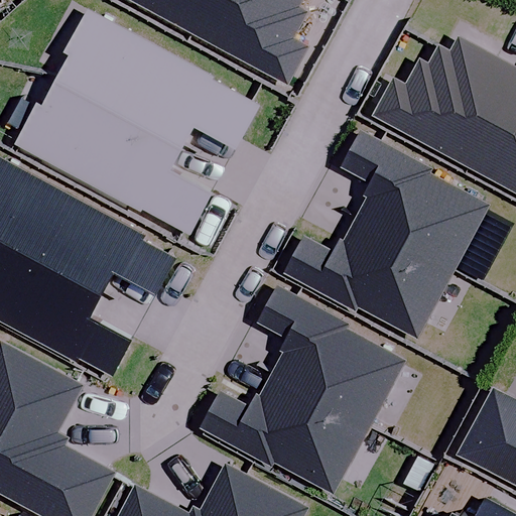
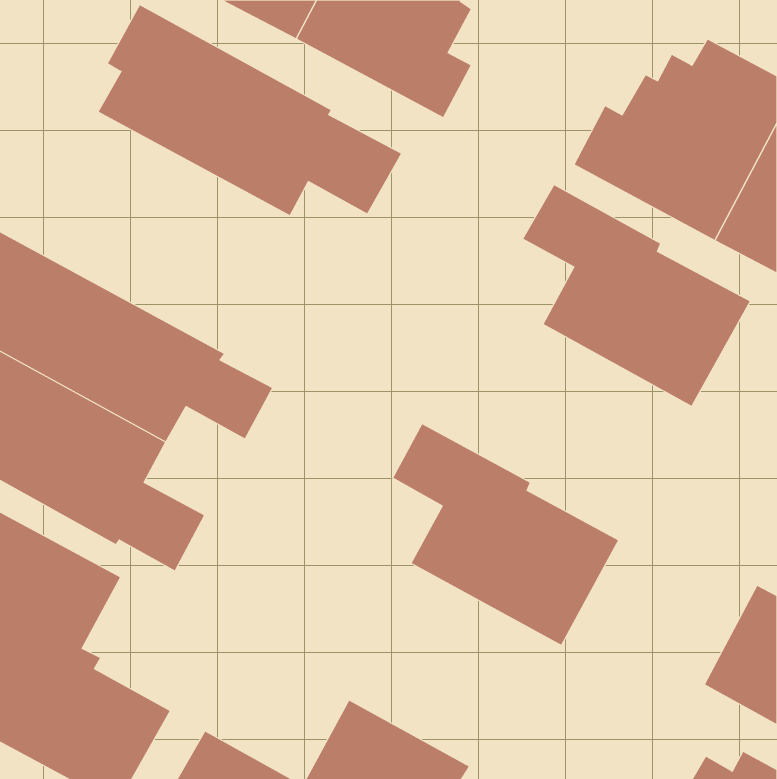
building: [19,82,216,237] -> none
building: [283,220,449,337] -> none
building: [199,375,365,492] -> none

